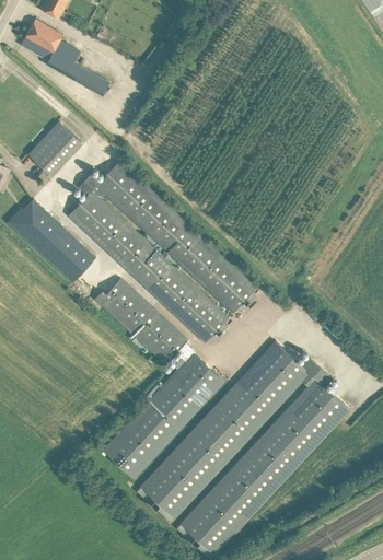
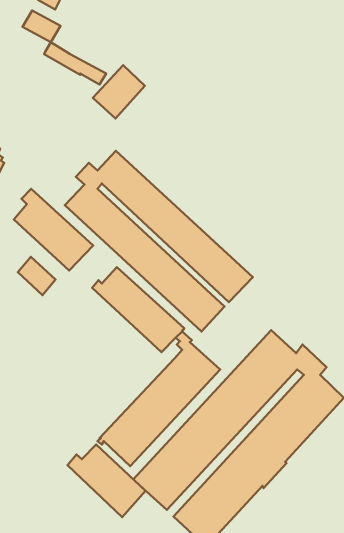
building: [27,120,80,174] -> [93,65,145,118]
building: none -> [18,257,56,295]
building: none -> [67,445,146,517]

